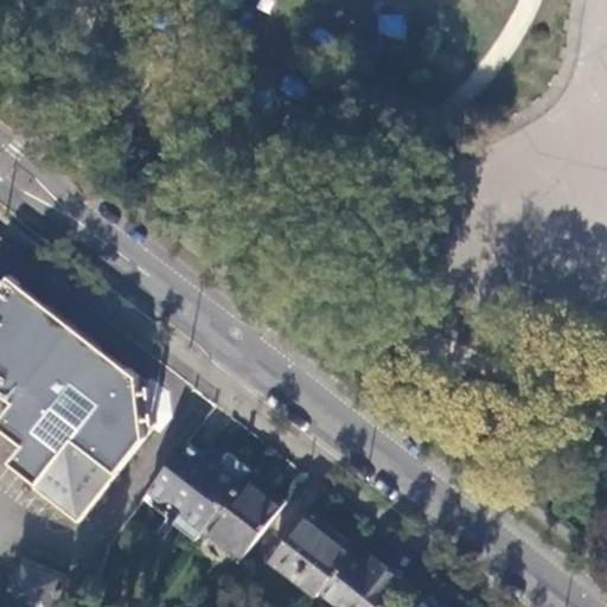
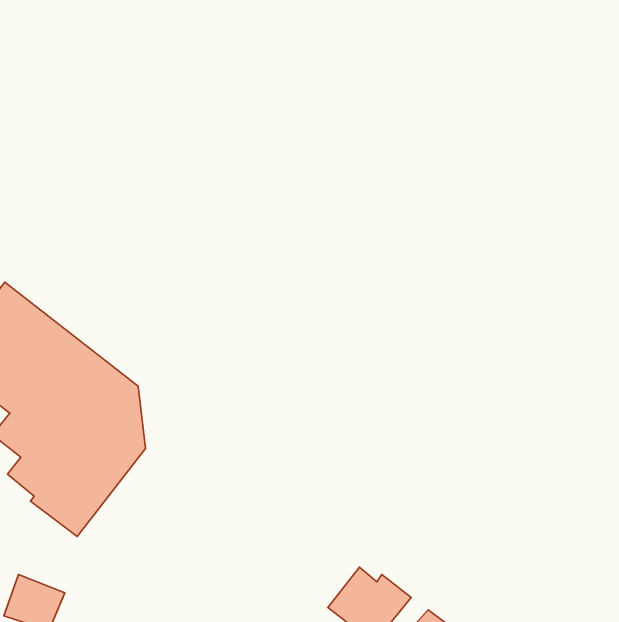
building: [143,443,276,563] -> none
building: [267,517,349,598] -> none

